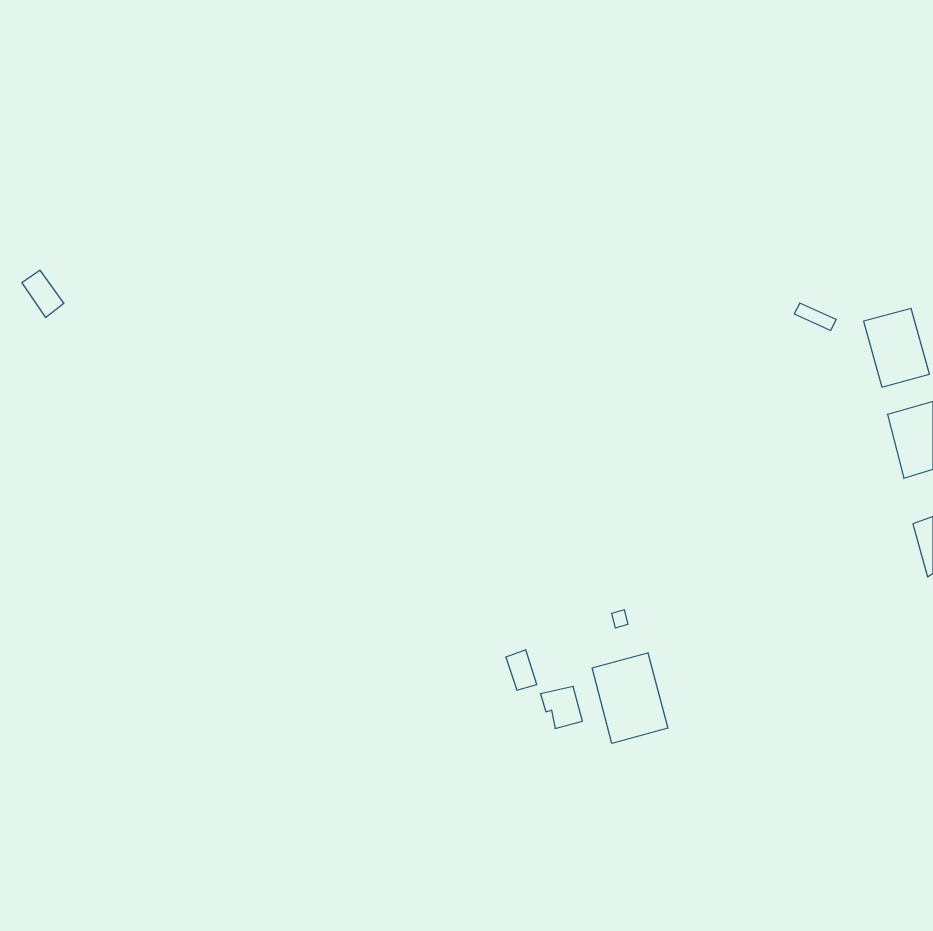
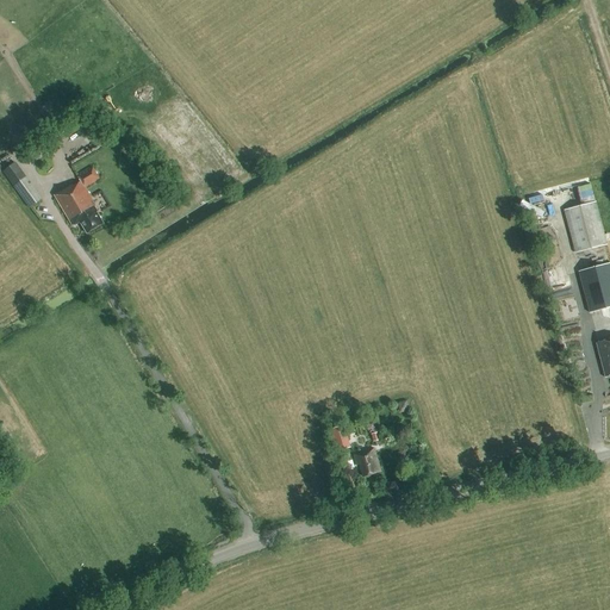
building: none -> [55,166,102,232]
building: [592,653,668,743] -> none

